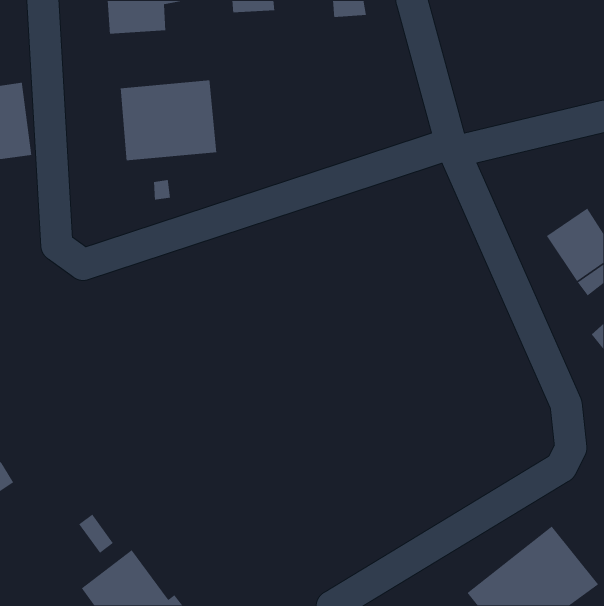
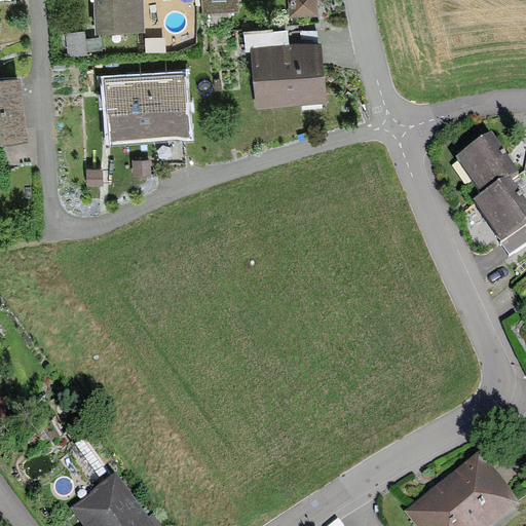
building: none -> [242,25,326,106]
building: none -> [454,137,516,199]

